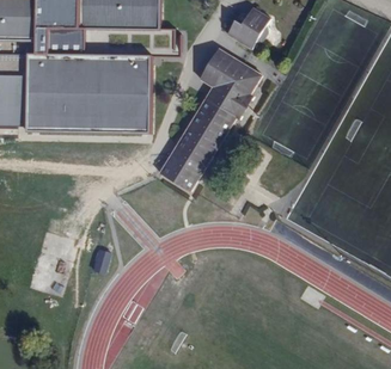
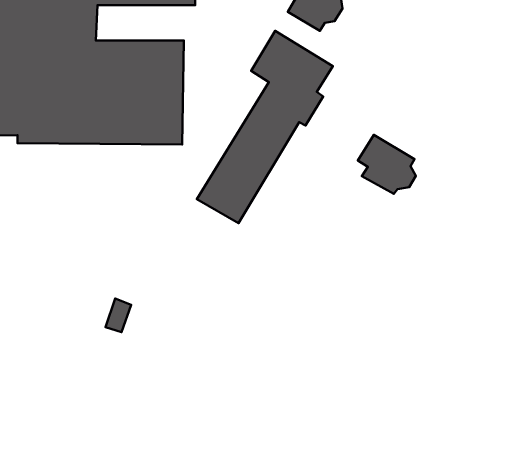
building: none -> [358,135,416,194]

